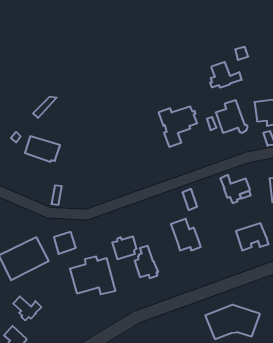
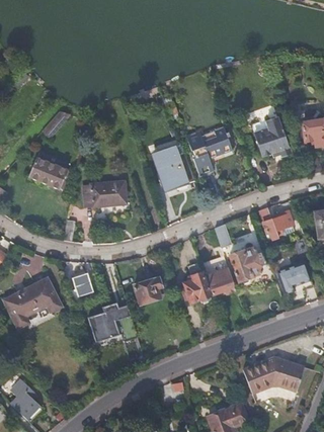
building: [210,62,242,88] -> none
building: none -> [155,144,195,191]
building: none -> [85,181,128,205]
building: none -> [231,246,262,279]
building: [135,246,158,278] -> [183,264,211,301]
building: [13,296,41,320] -> none

